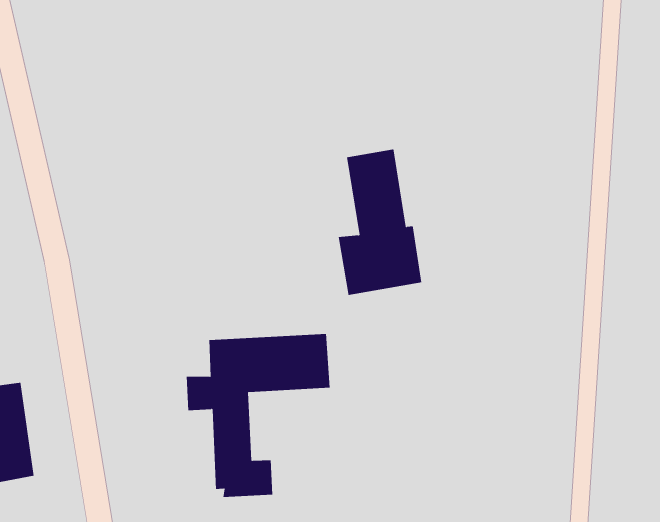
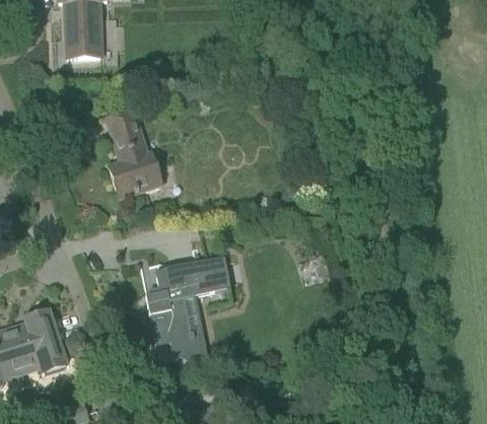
building: [338,149,422,295] -> [106,108,161,198]

